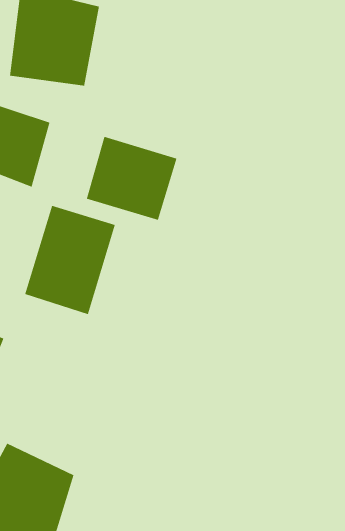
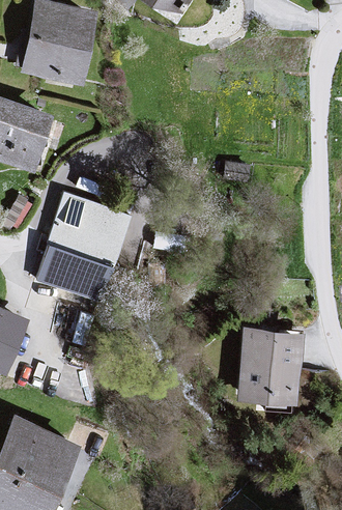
building: [86,136,177,221] -> none
building: none -> [240,328,305,405]

